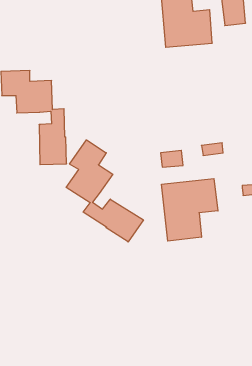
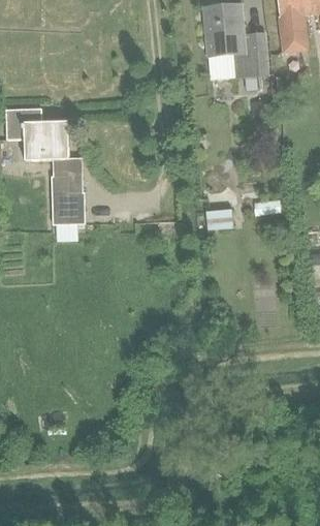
building: [66,140,143,242] -> none
building: [162,179,218,241] -> none

